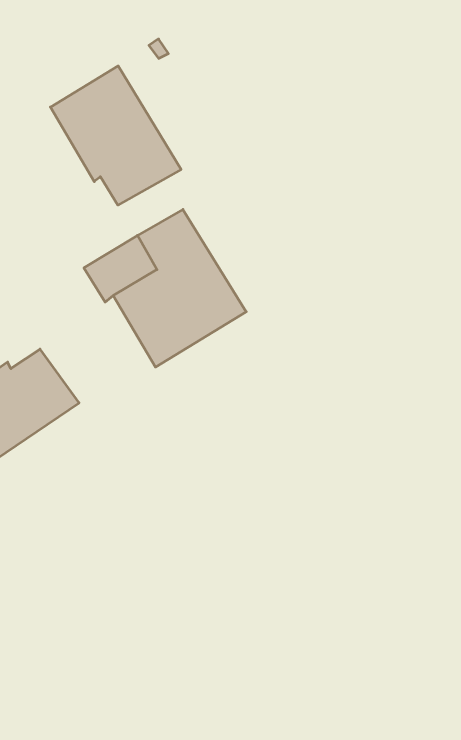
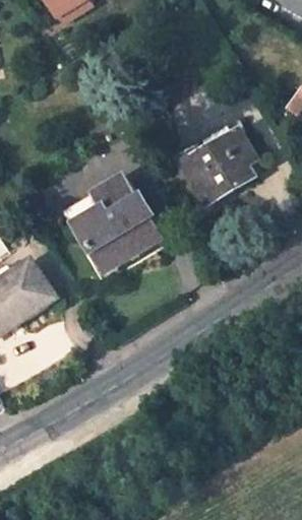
building: [50,66,181,205] -> none
building: none -> [177,127,257,204]

